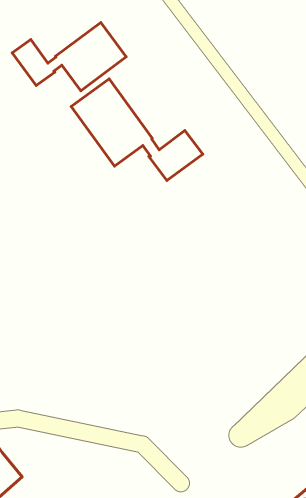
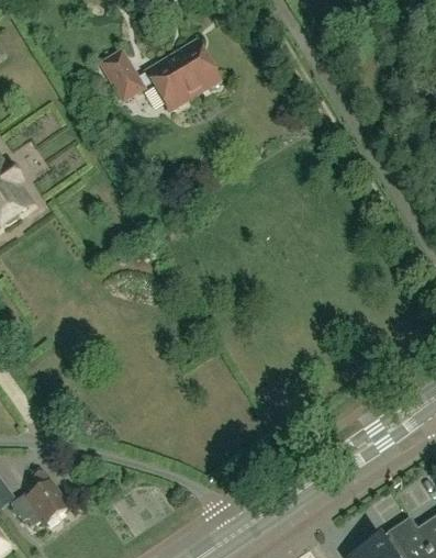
building: [71,79,203,180] -> none

